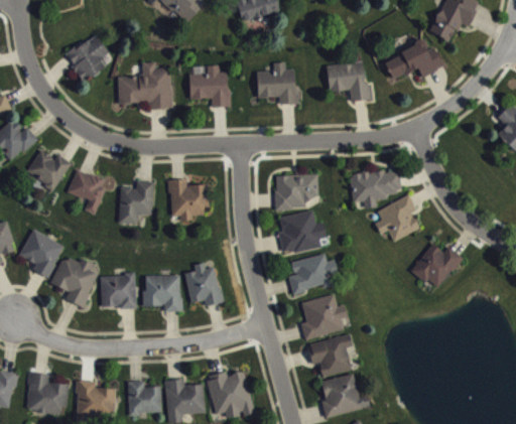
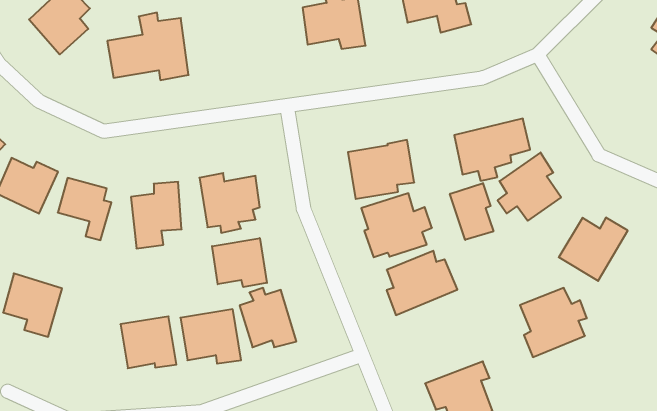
building: [189,65,230,107] -> none
building: none -> [450,183,493,240]
building: none -> [212,238,267,287]
building: [50,256,98,307] -> none
building: [301,294,347,339] -> [520,288,587,357]

